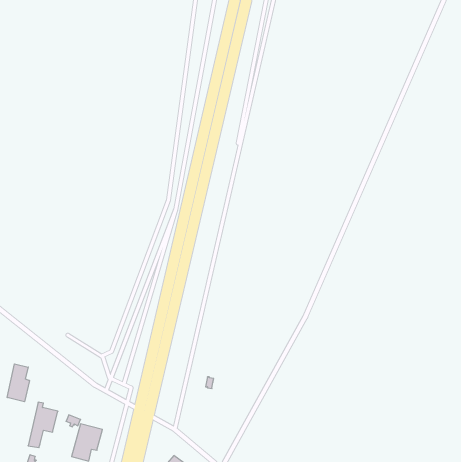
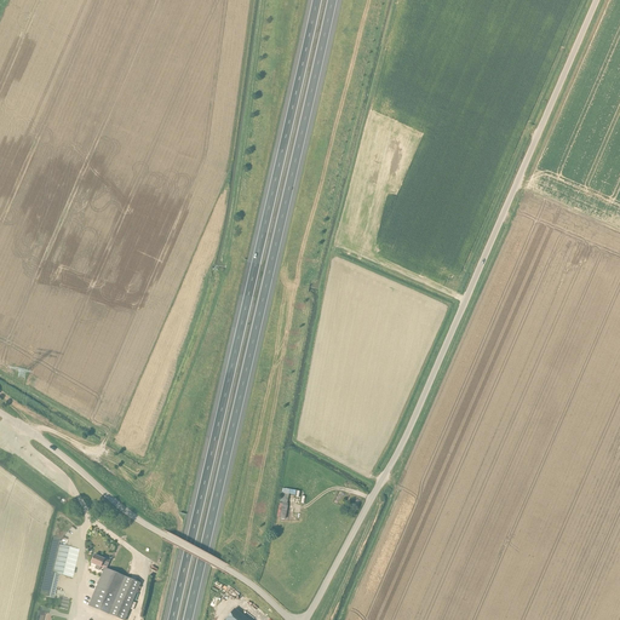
building: [7,364,29,402] -> none

